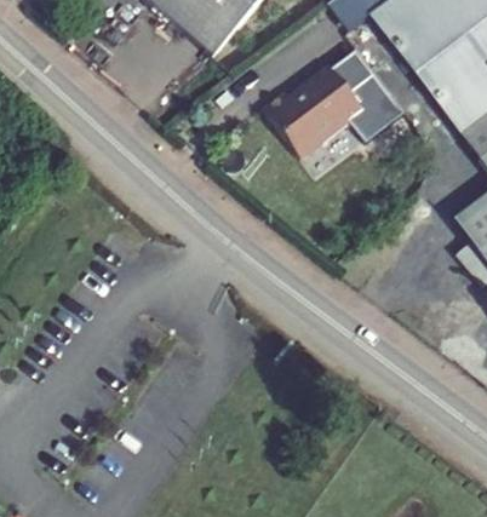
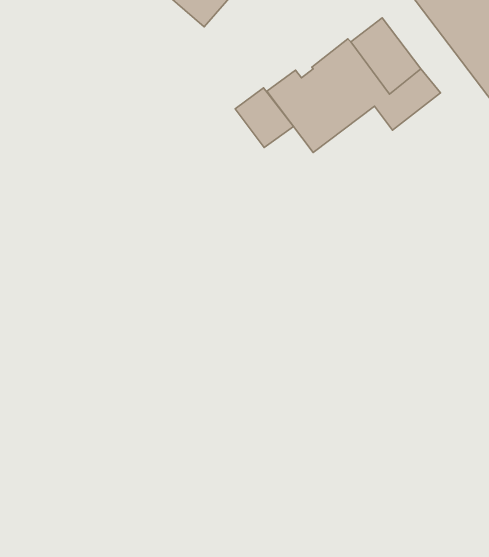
building: none -> [235,88,294,147]

